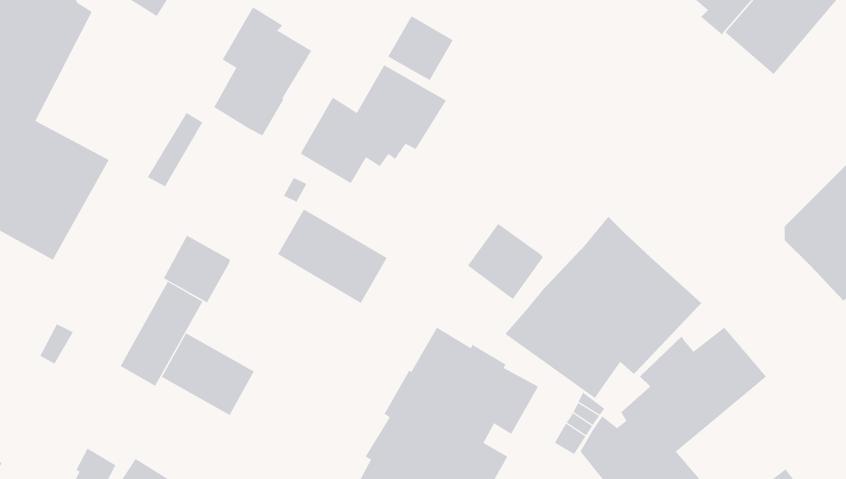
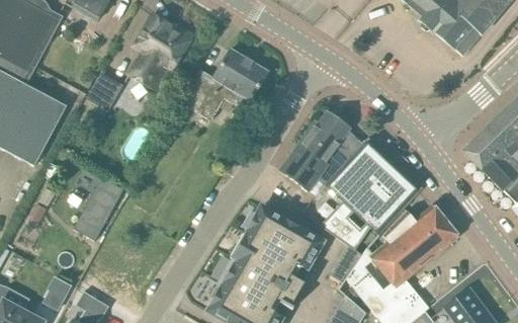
building: [387,16,454,81] -> none
building: none -> [298,110,361,161]
building: [277,208,388,304] -> none
building: [163,235,231,303] -> none
building: [161,332,255,416] -> none

